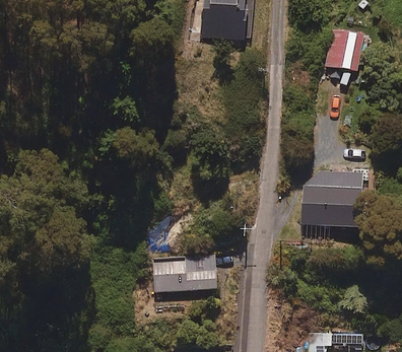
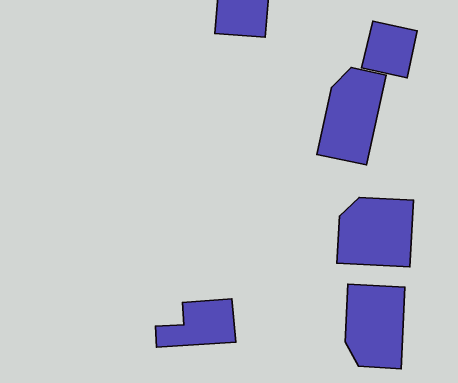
building: none -> [317,68,386,165]
building: none -> [345,284,405,369]

